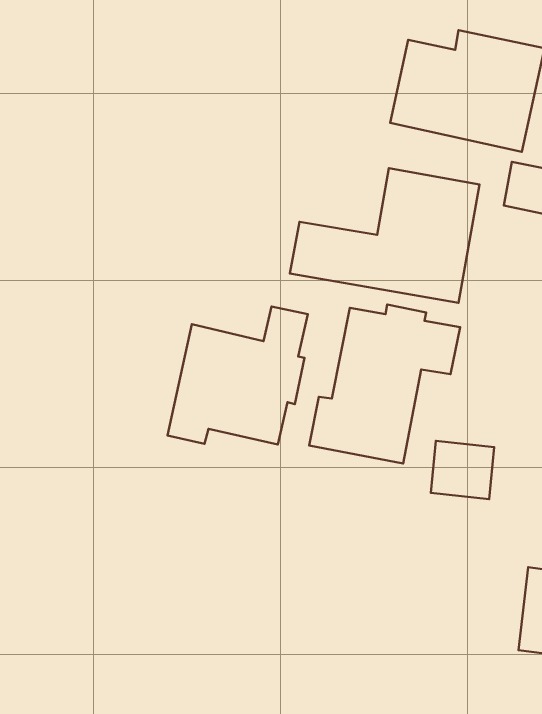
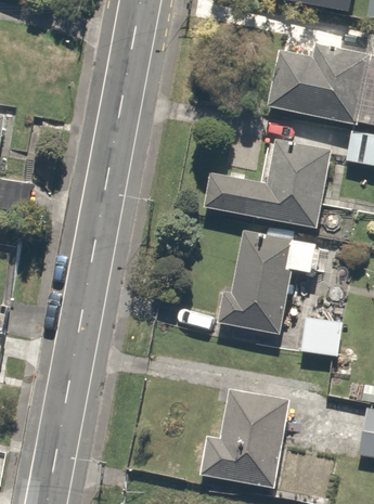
building: [167,307,308,445] -> none
building: none -> [201,386,292,488]

